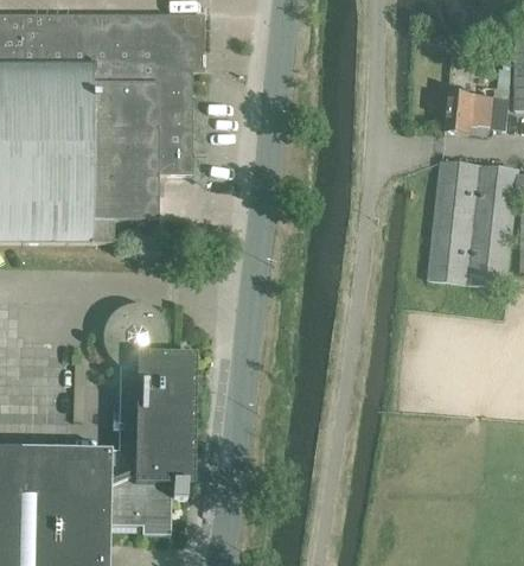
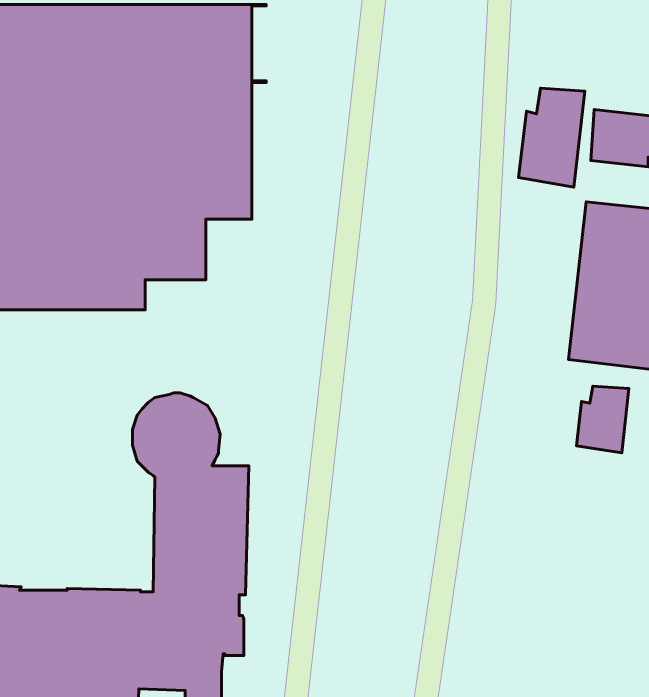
building: none -> [518,88,585,187]
building: none -> [577,386,629,453]

